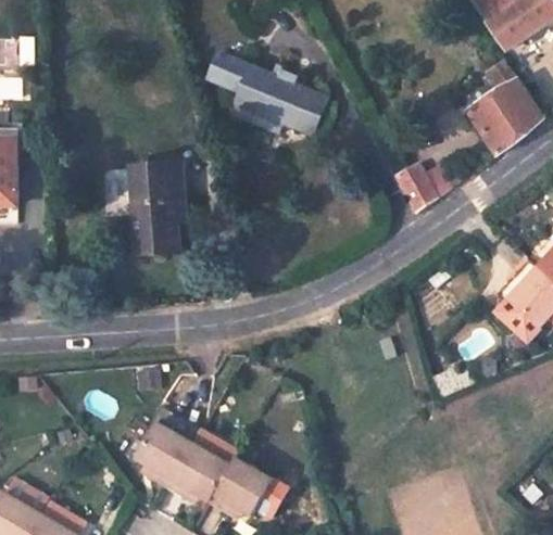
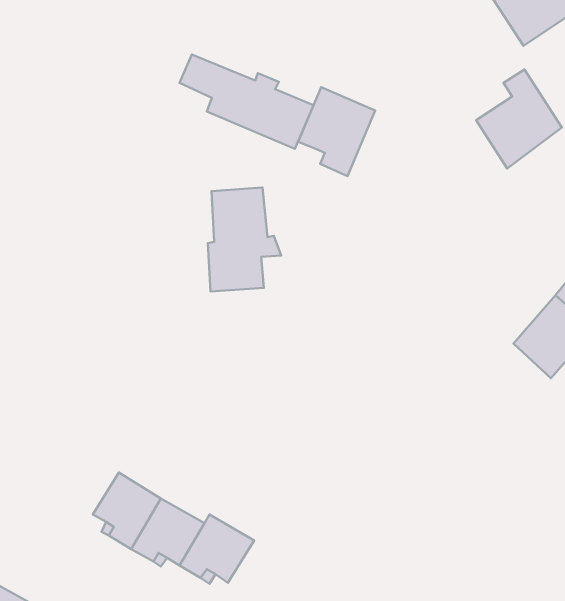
building: none -> [298,87,375,176]
building: [131,162,196,253] -> [208,187,281,292]
building: [397,164,438,212] -> none

